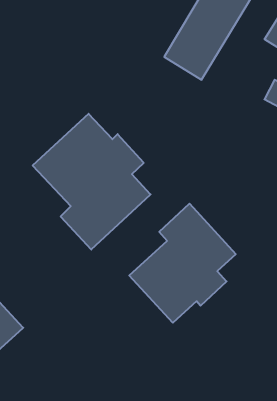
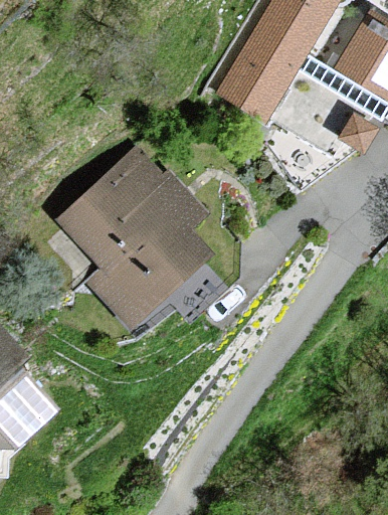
building: [129,204,236,323] -> none

